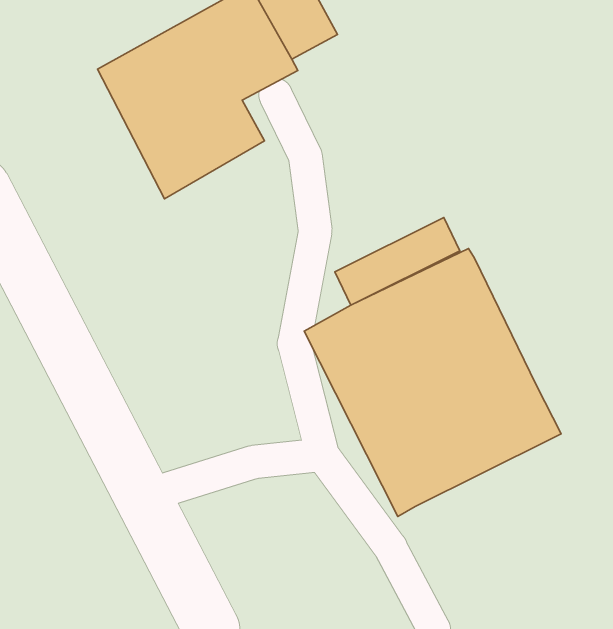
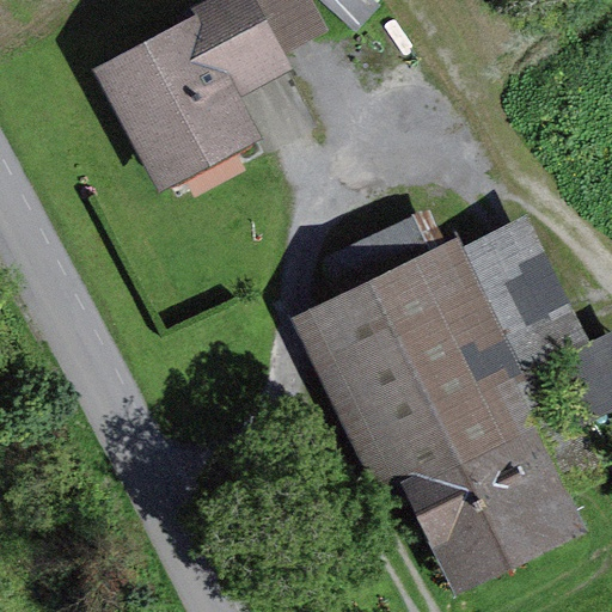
building: none -> [459,216,587,373]
building: none -> [402,424,587,598]

